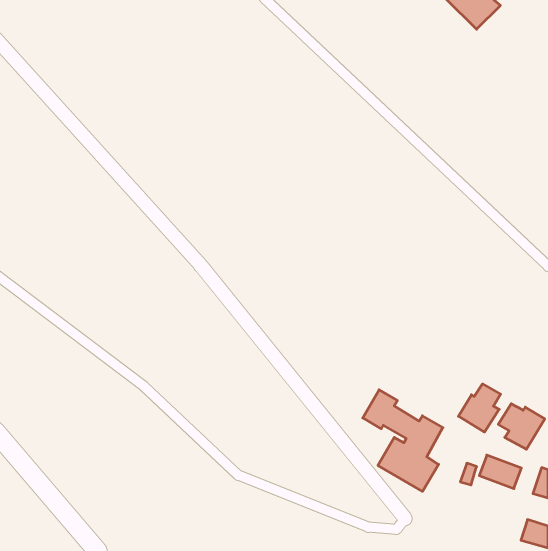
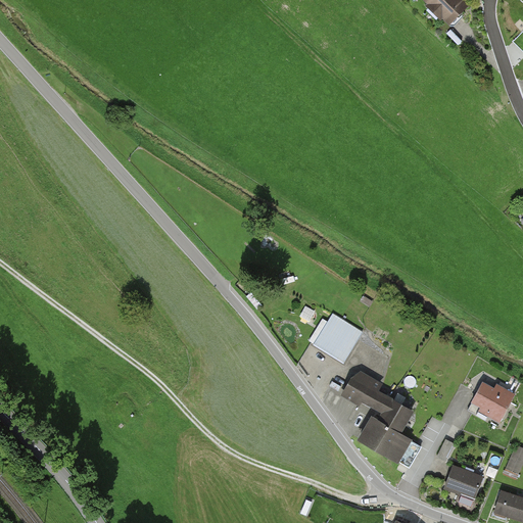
building: none -> [313,313,362,364]
building: [458,384,501,432] -> none
building: [479,455,521,489] -> [442,466,482,497]

